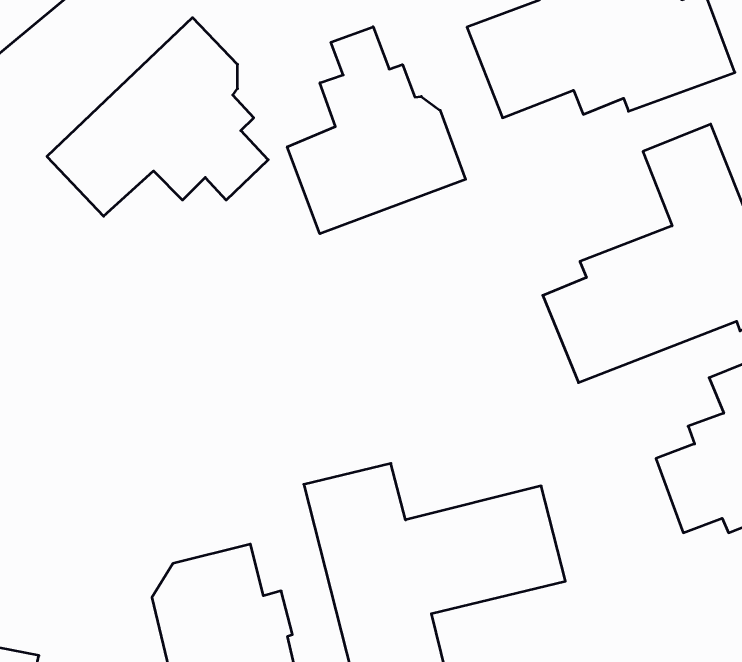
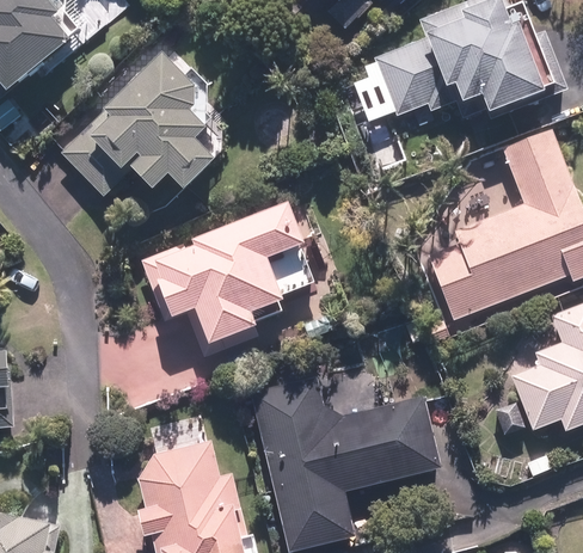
building: [287,27,466,234] -> none
building: none -> [140,199,315,354]

